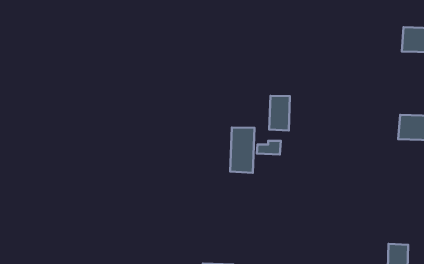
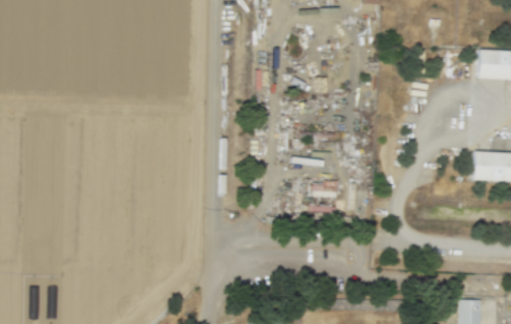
building: [269,96,290,131] -> none
building: [230,127,255,173] -> none

